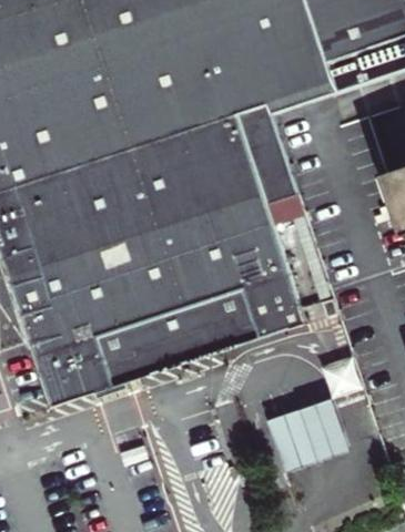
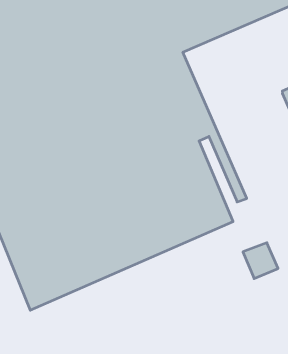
building: [263,388,346,466] -> none

